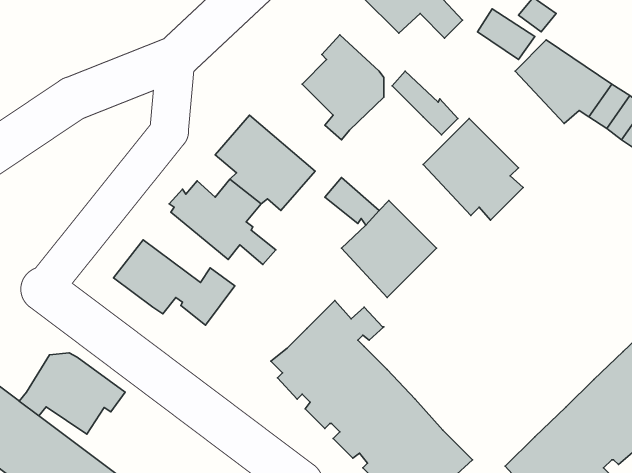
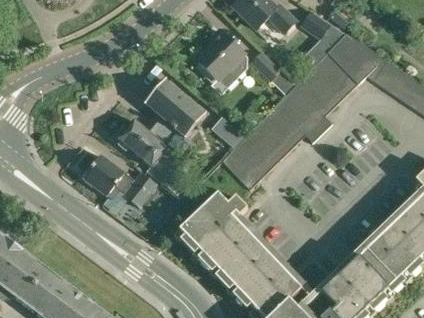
building: none -> [299,51,357,110]
building: none -> [250,108,300,159]
building: [19,353,125,434] -> none

